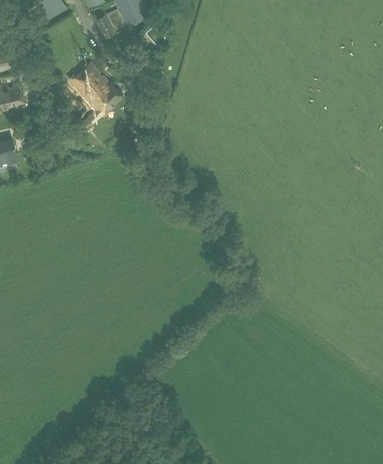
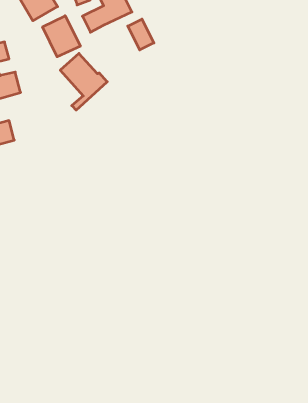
building: none -> [43,16,80,57]
building: none -> [128,19,154,50]

